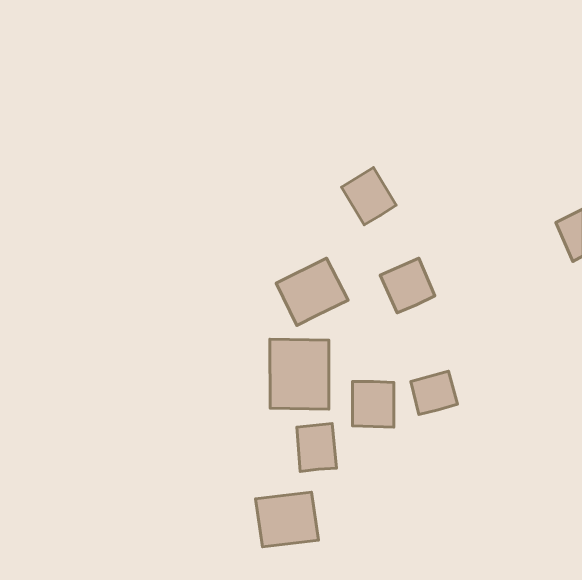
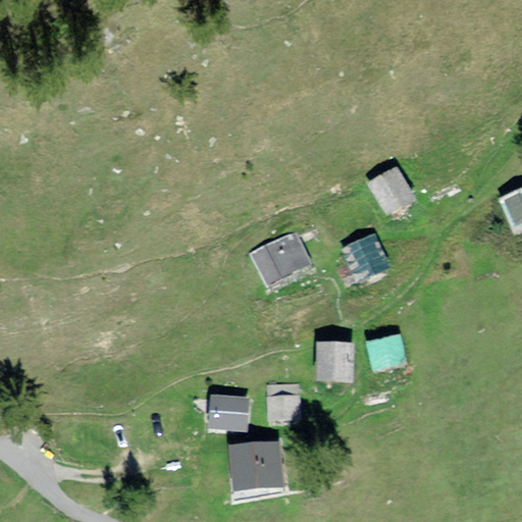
building: [341,168,396,225] -> [365,164,414,215]
building: [270,339,329,409] -> none
building: none -> [208,392,251,433]

